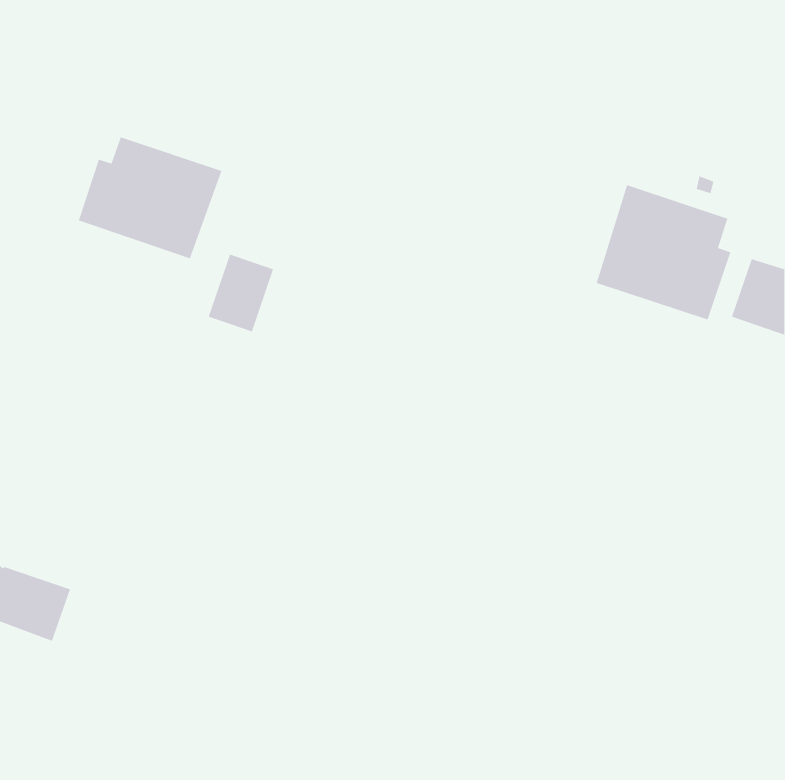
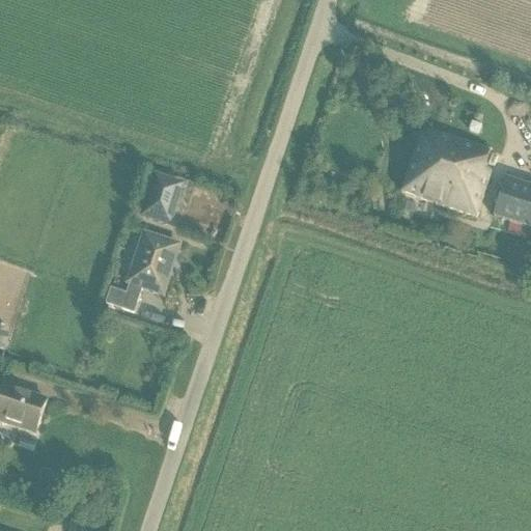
building: [78,136,222,259] -> none
building: none -> [106,230,178,310]

